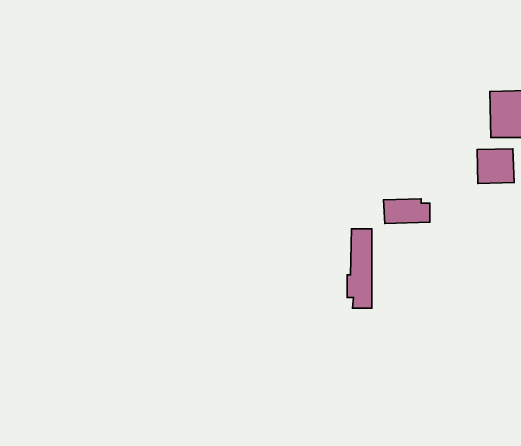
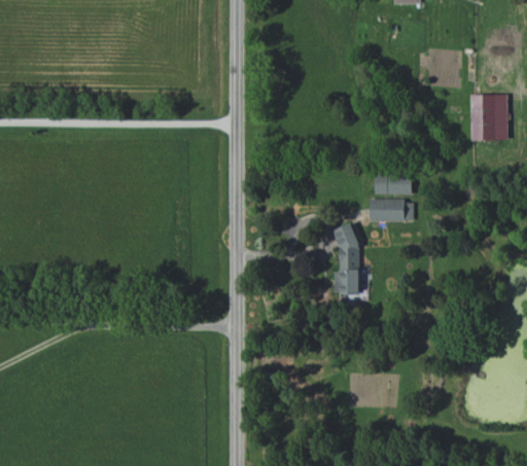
building: [477,149,514,183] -> none
building: none -> [375,174,413,194]

